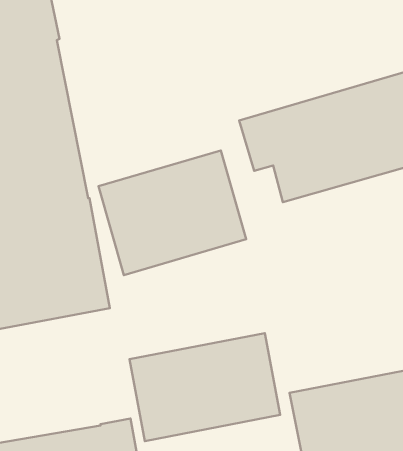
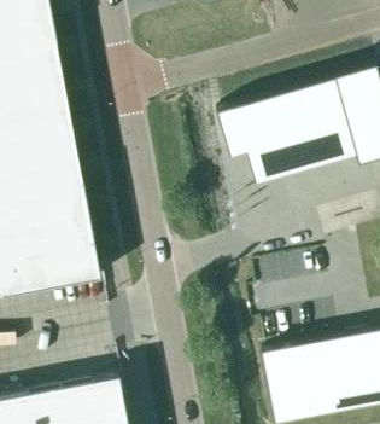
building: [98,150,246,275] -> none
building: [130,333,280,441] -> none

